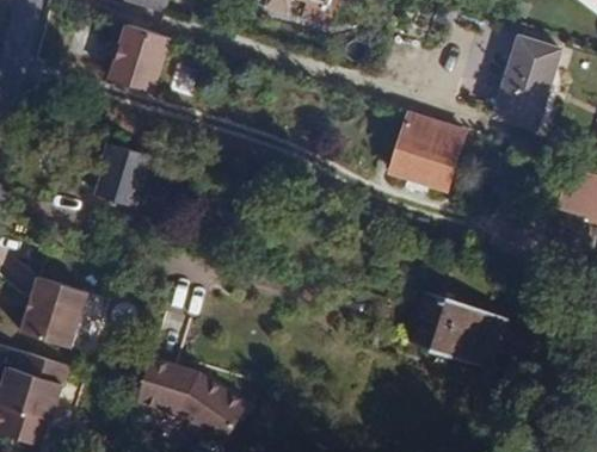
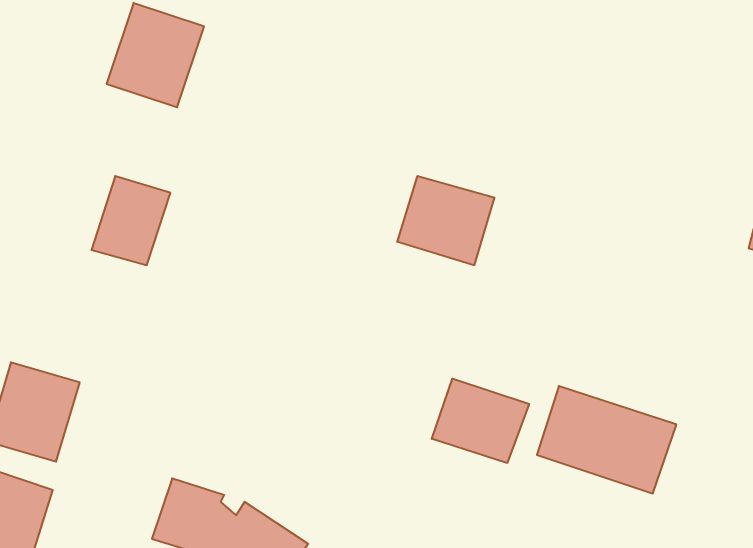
building: [492,36,559,126] -> none
building: [392,126,461,190] -> [397,176,495,265]
building: none -> [432,379,529,463]

